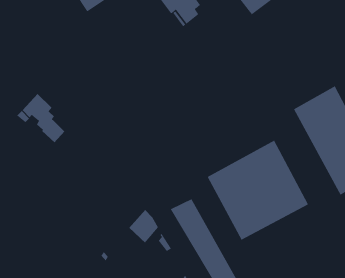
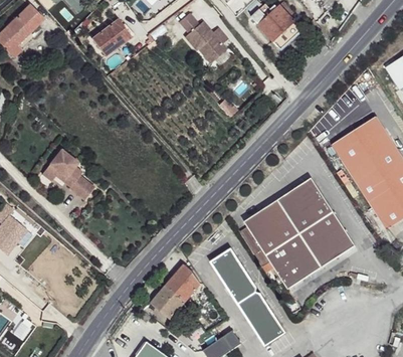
building: none -> [153,284,187,317]

